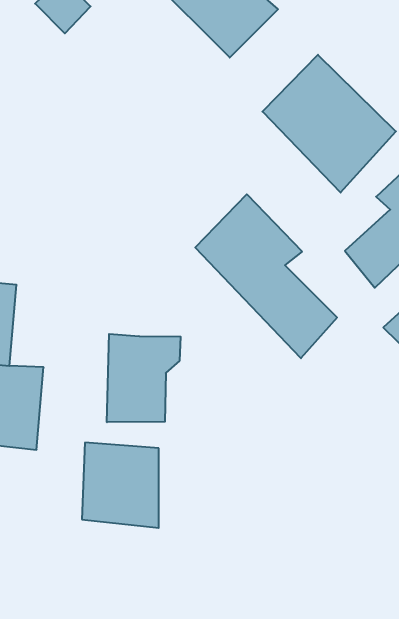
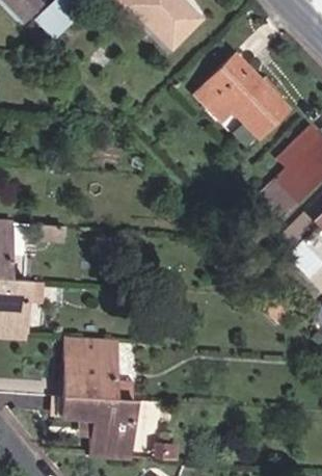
building: [195,194,337,358] -> none
building: [107,334,181,422] -> none
building: none -> [62,392,136,457]

